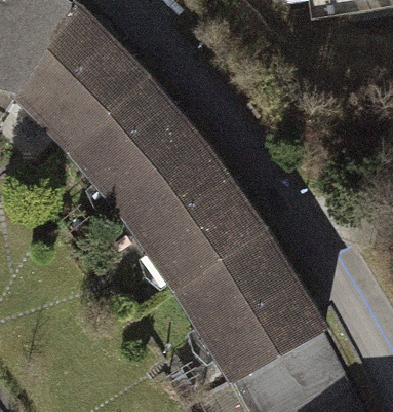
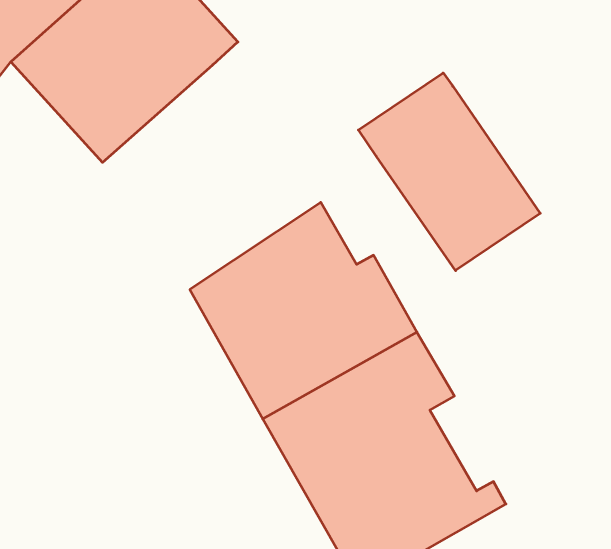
building: none -> [358,73,540,271]
building: [73,87,203,218] -> none

